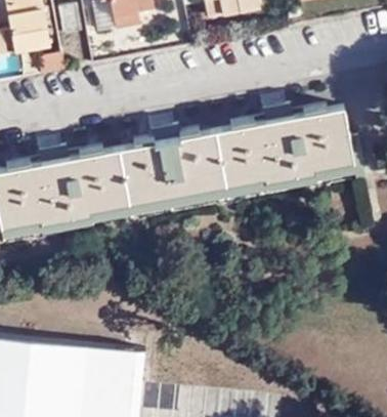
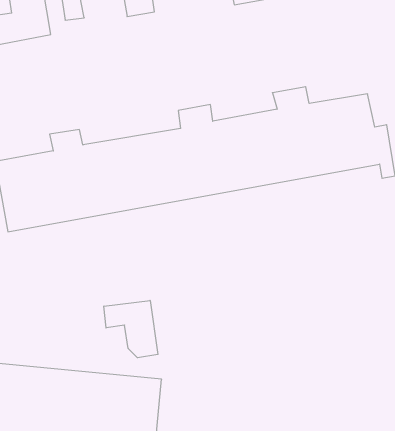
building: none -> [104,300,158,358]

